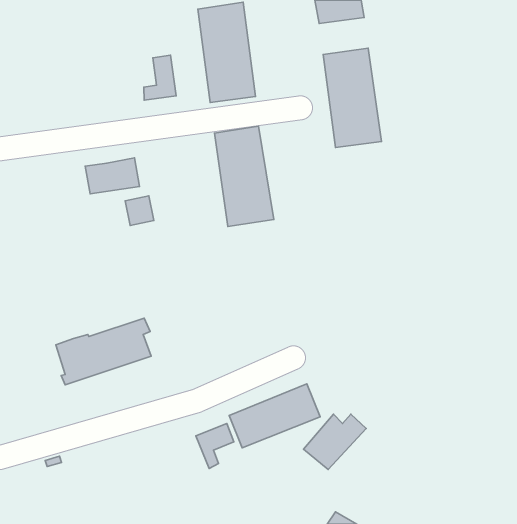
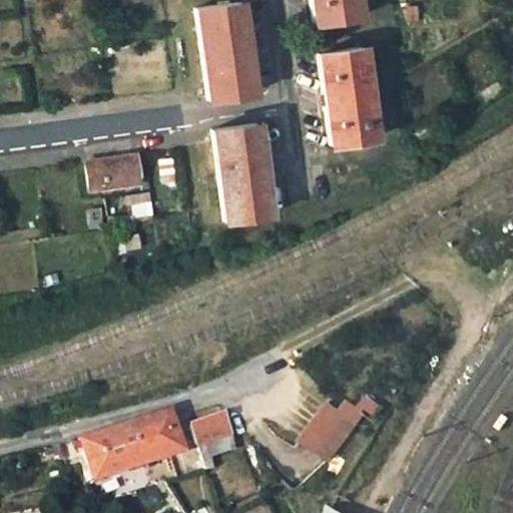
building: [144,55,176,100] -> none
building: [56,318,151,385] -> [88,415,181,480]
building: [229,384,320,448] -> none

